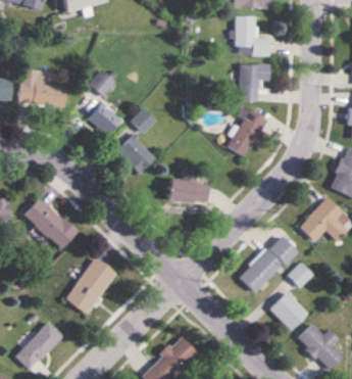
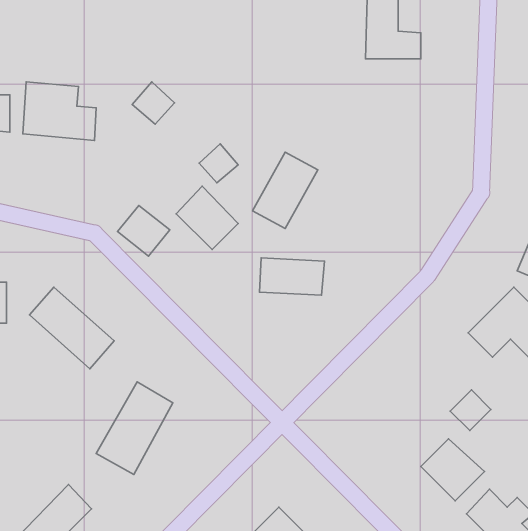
building: [240,64,269,101] -> none
building: [88,104,120,136] -> [118,205,170,256]
building: [227,109,267,157] -> [253,152,318,229]
building: [238,235,297,294] -> none

